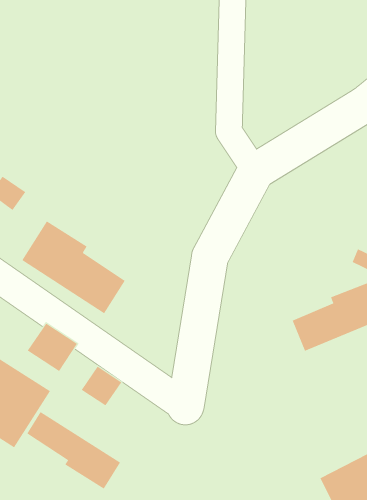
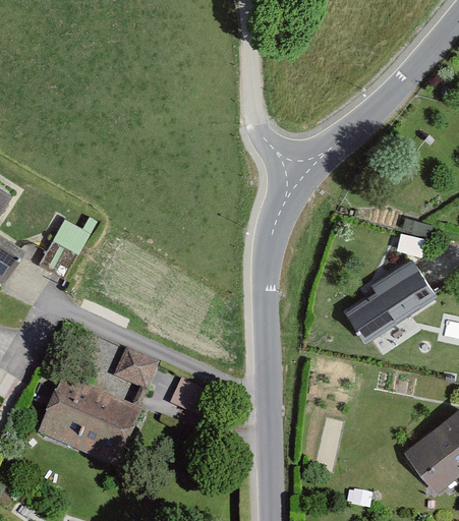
building: [22,221,125,314] -> none
building: [26,411,121,489] -> none

